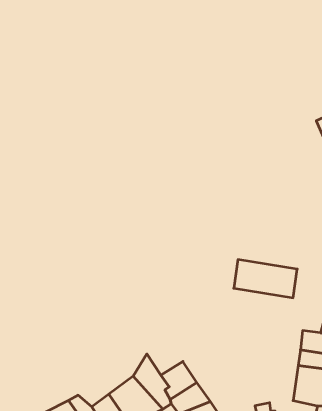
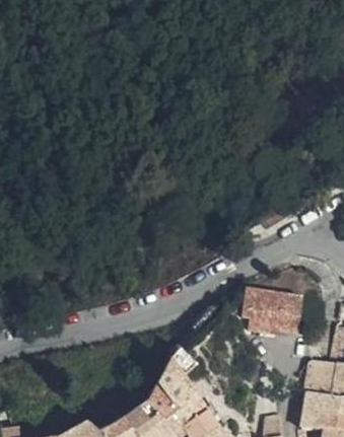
building: none -> [158,348,199,402]

